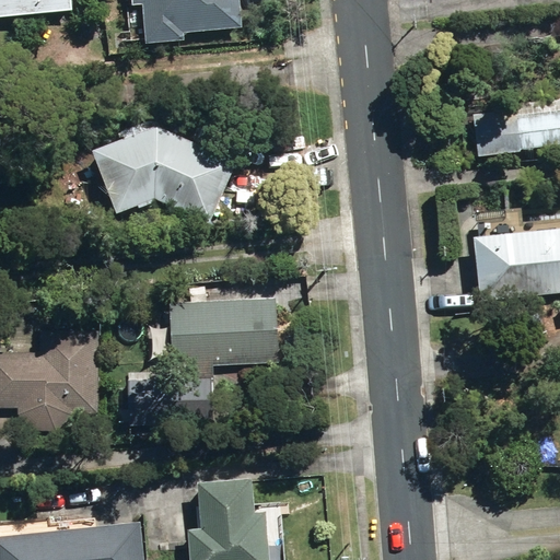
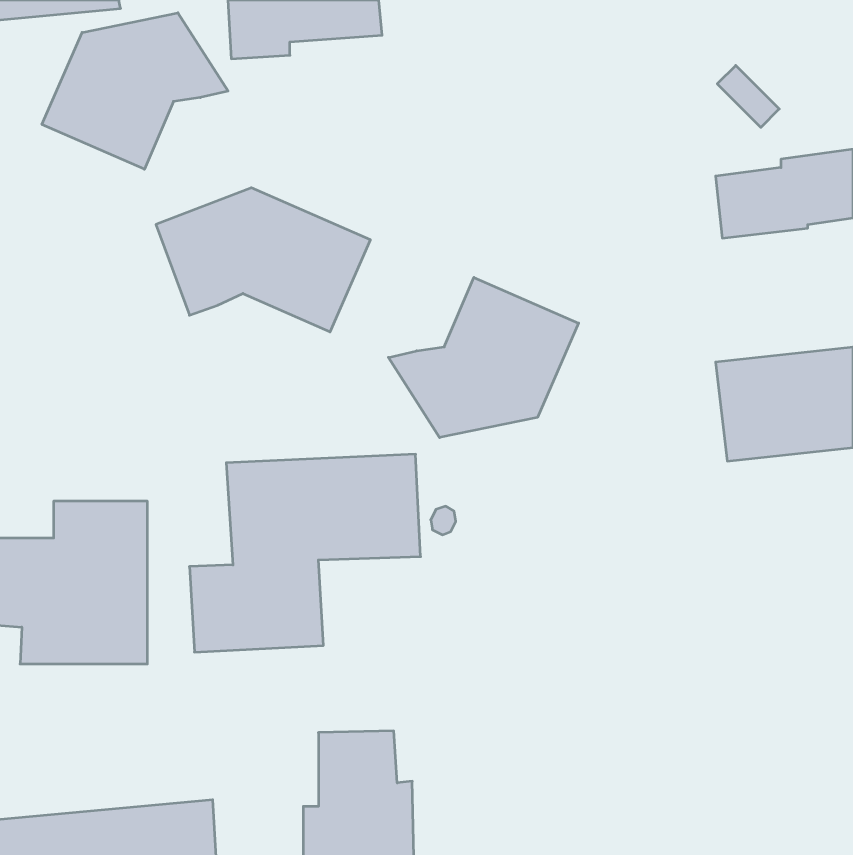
building: none -> [42,13,228,169]
building: none -> [388,277,579,438]

